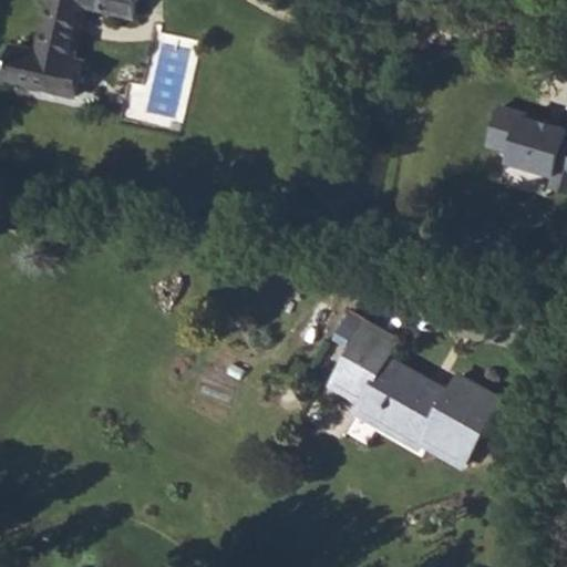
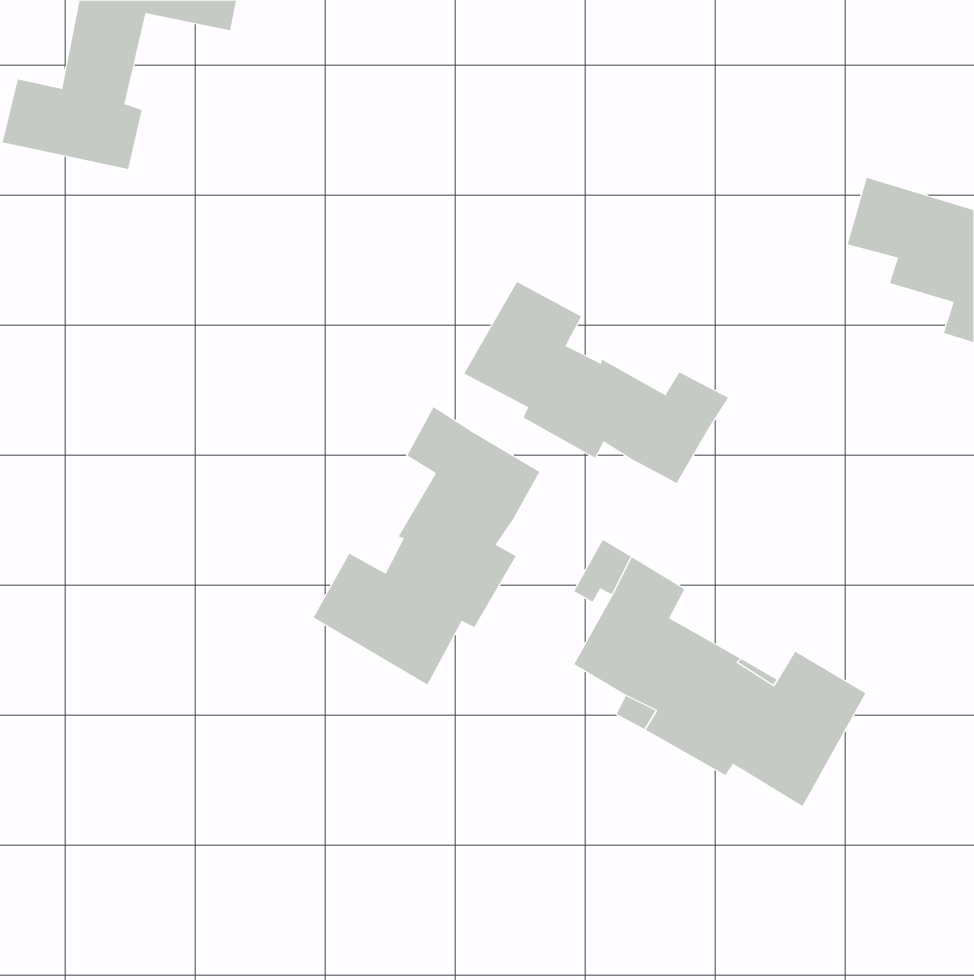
building: none -> [464,281,729,484]
building: none -> [313,406,540,686]

